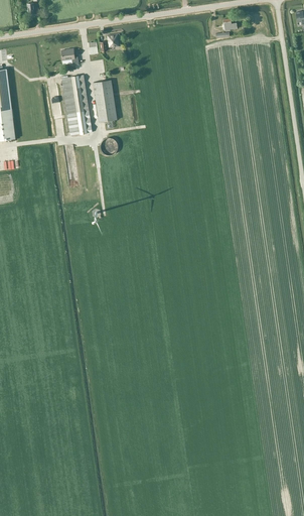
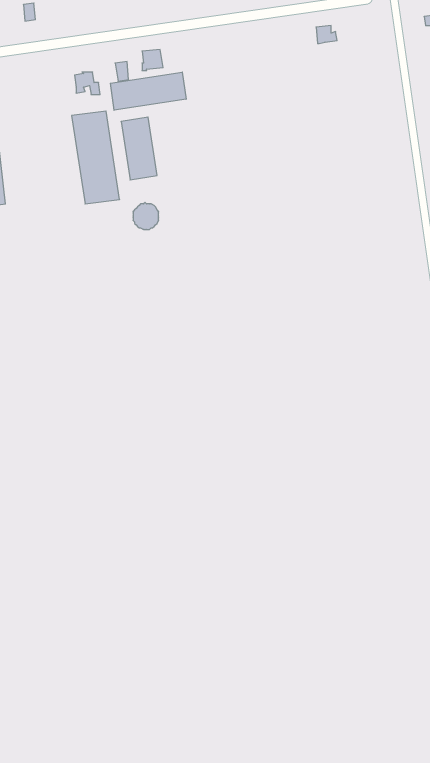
building: none -> [110,72,186,110]

